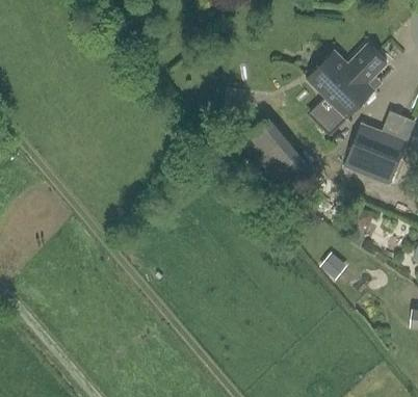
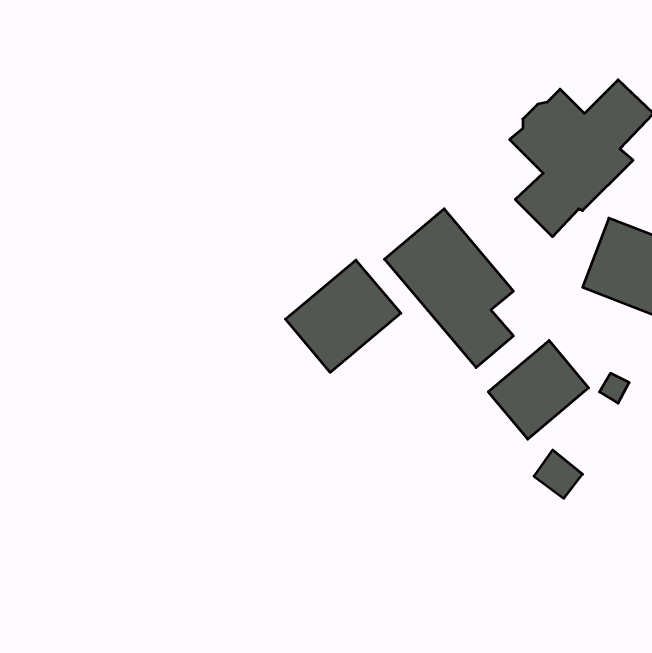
building: none -> [285,260,401,372]
building: none -> [488,340,589,439]

